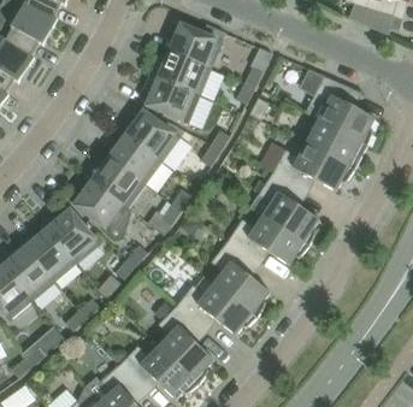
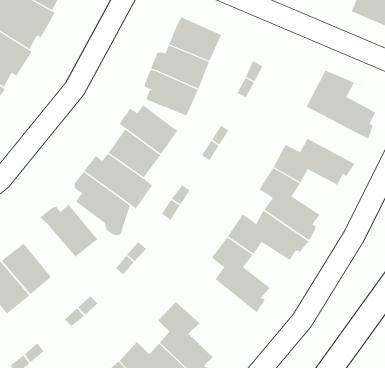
building: [306,119,367,169] -> none
building: [25,228,76,281] -> none
building: [176,283,256,335] -> none

